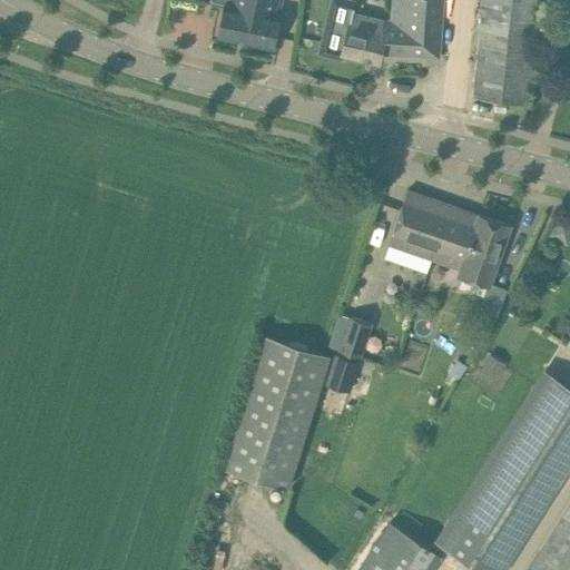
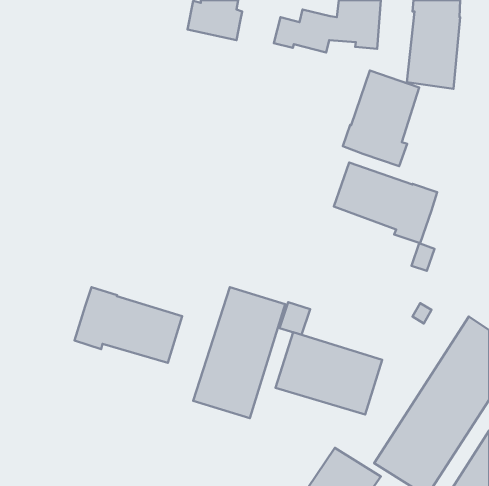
building: none -> [343,70,419,166]
building: [327,315,372,360] -> none
building: none -> [75,287,182,363]
building: none -> [276,332,382,415]

